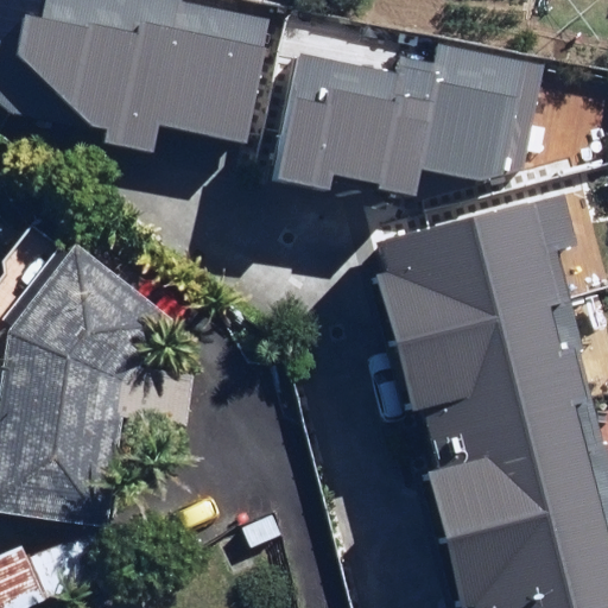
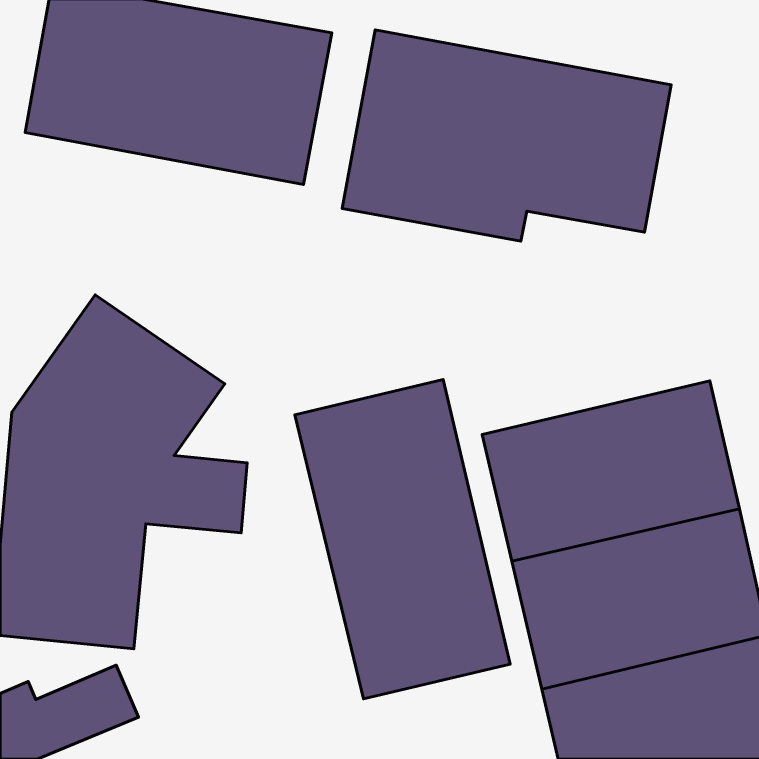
building: [362,203,568,347] -> none
building: none -> [295,379,510,699]

